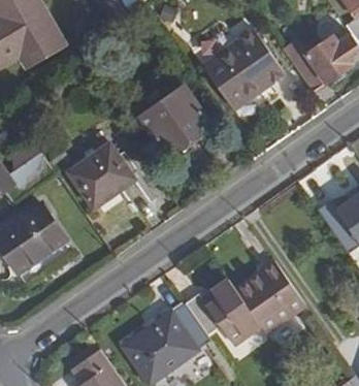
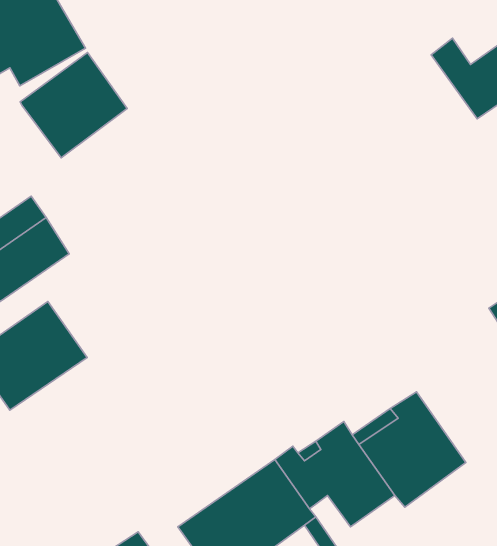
building: [203,31,284,110] -> none
building: [140,87,209,154] -> none
building: [67,143,134,210] -> [20,53,127,158]

